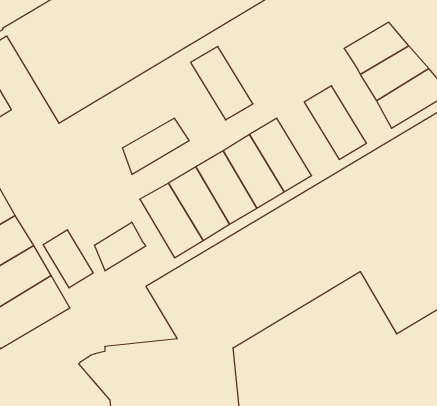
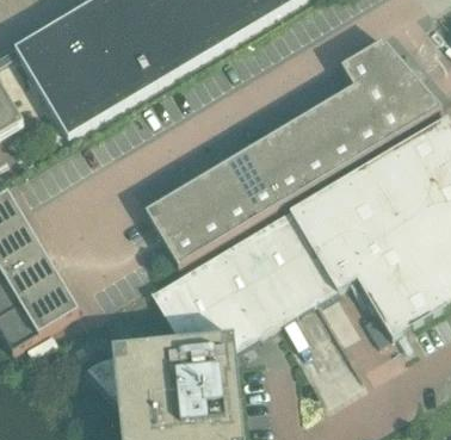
building: [191,46,253,120] -> [276,114,335,185]
building: none -> [328,83,385,154]
building: [122,118,189,175] -> none
building: [94,222,146,271] -> none
building: [43,230,93,288] -> none

